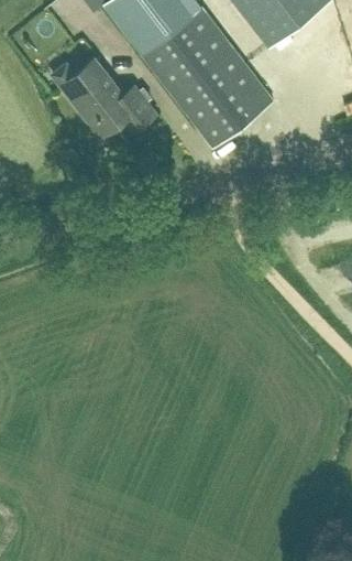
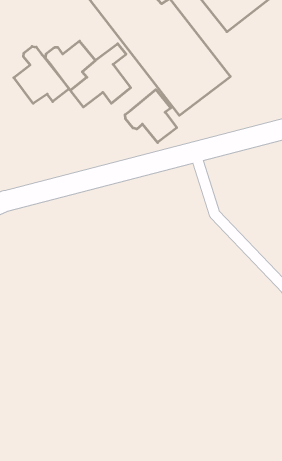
building: none -> [14,46,69,103]
building: none -> [125,90,177,143]

